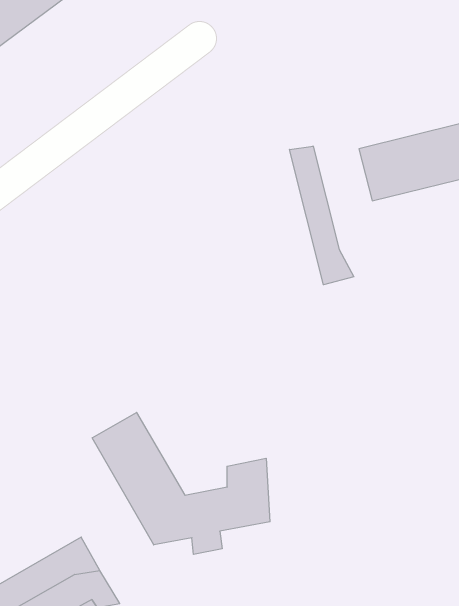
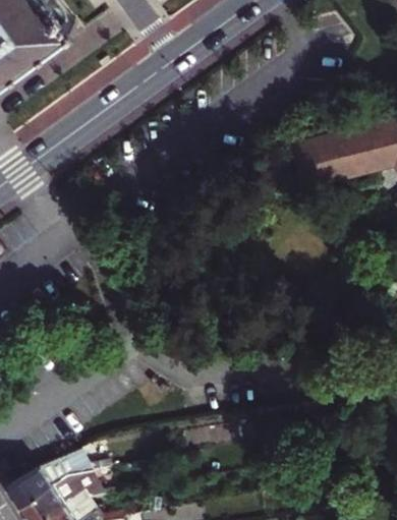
building: [290,146,354,285] -> none
building: [92,412,270,554] -> none

